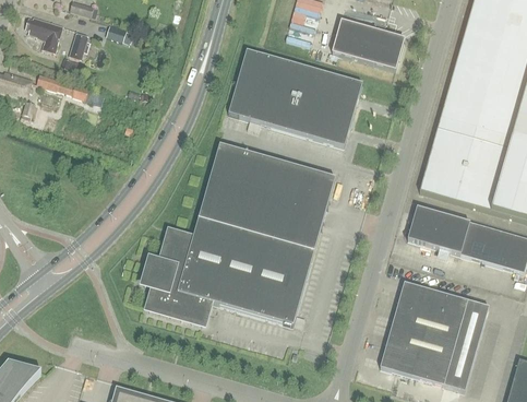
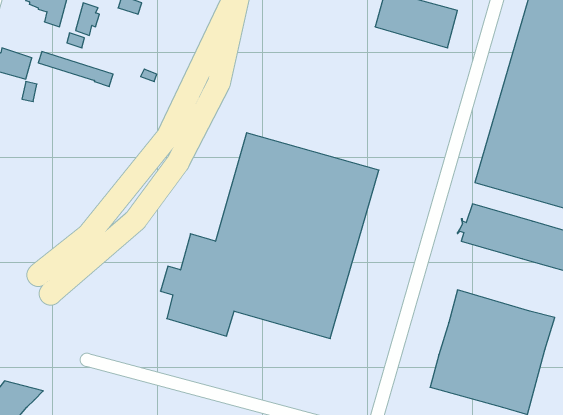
building: [228,48,362,145] -> none

